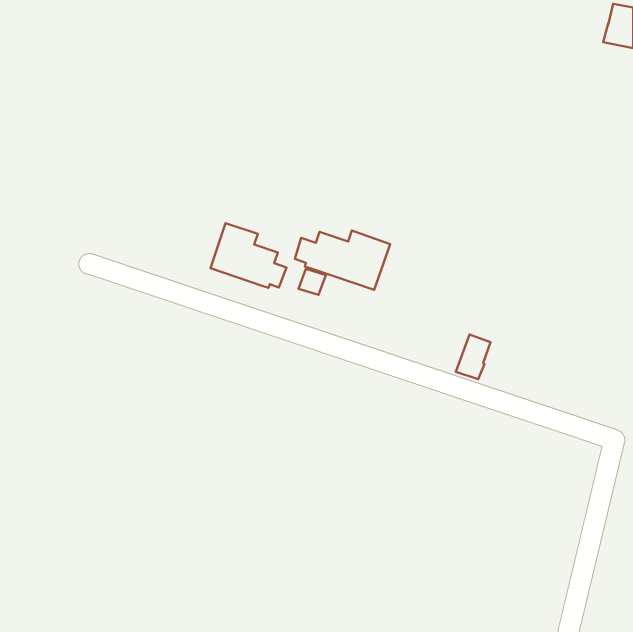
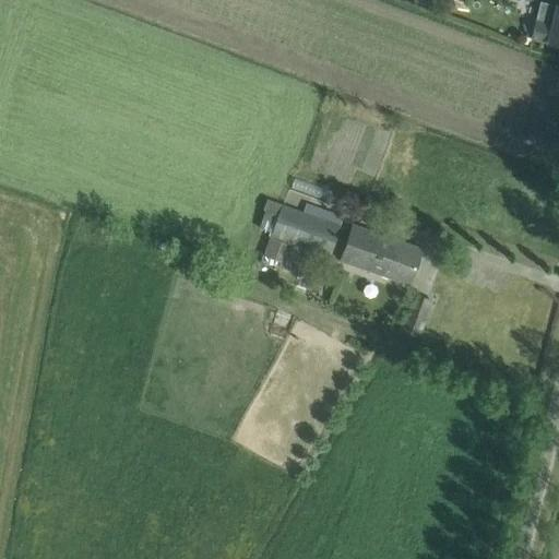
building: [211,223,287,288] -> none
building: none -> [342,225,421,284]

